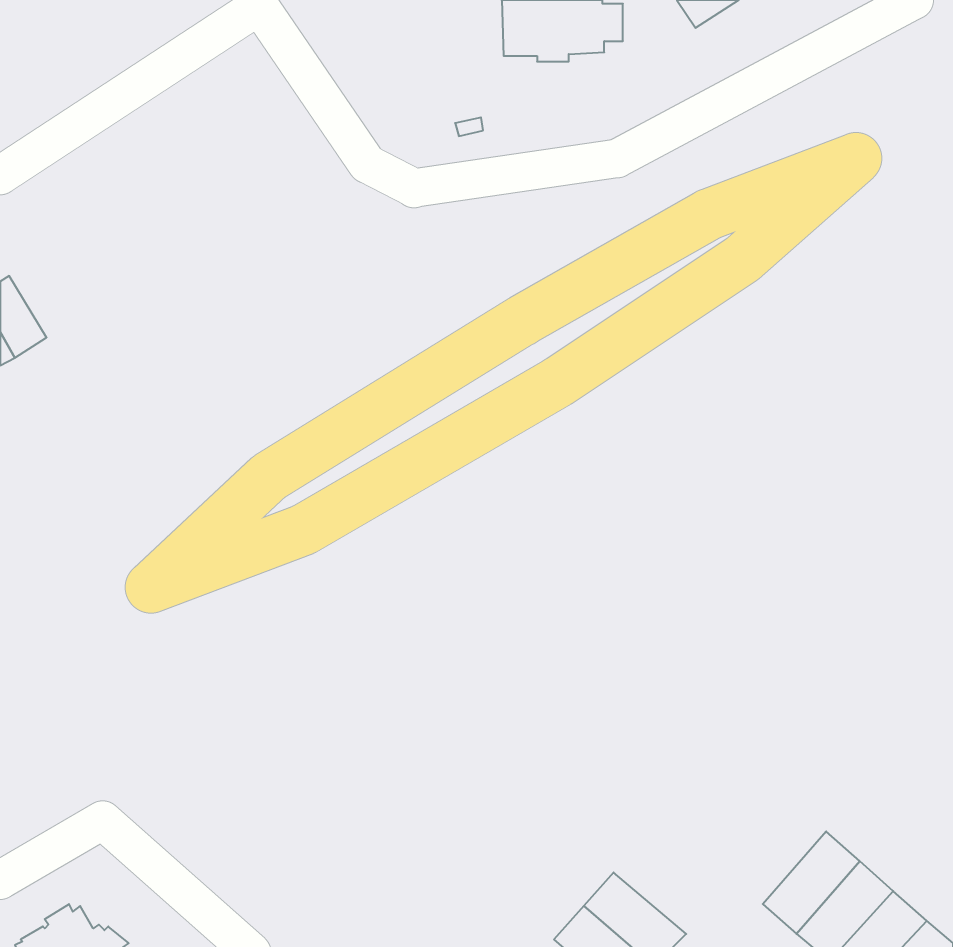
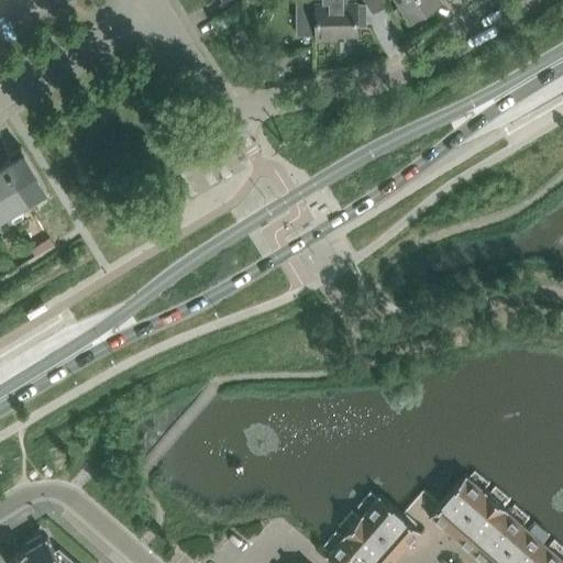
building: none -> [5,148,47,202]
building: none -> [429,476,487,537]
building: none -> [362,497,422,554]

